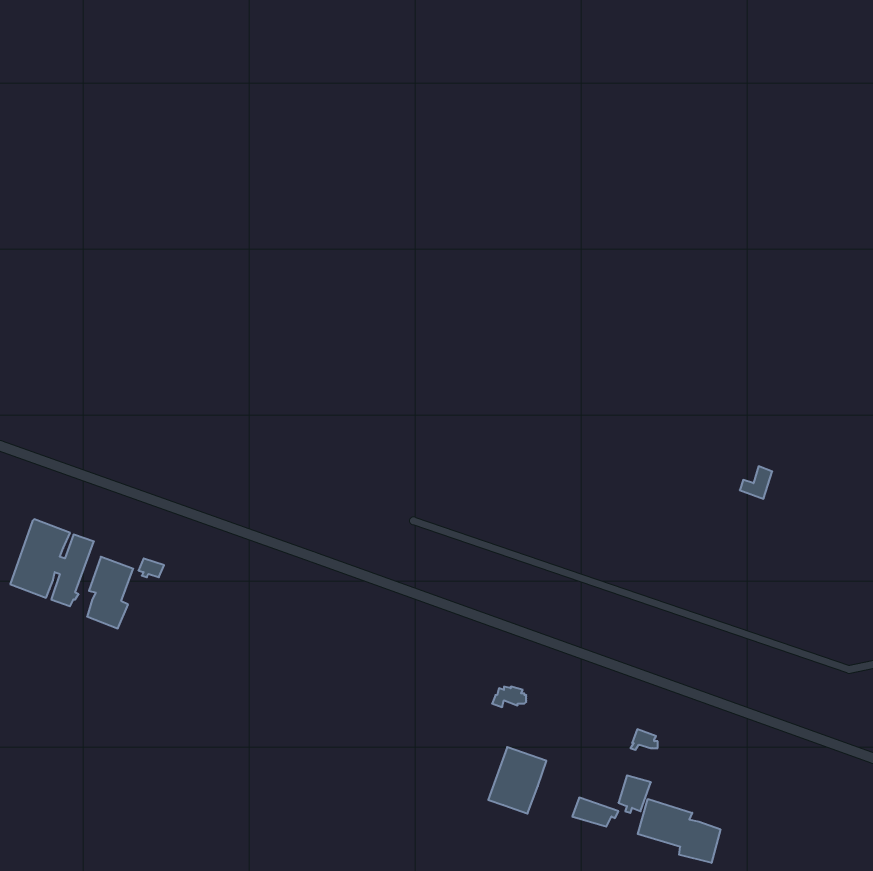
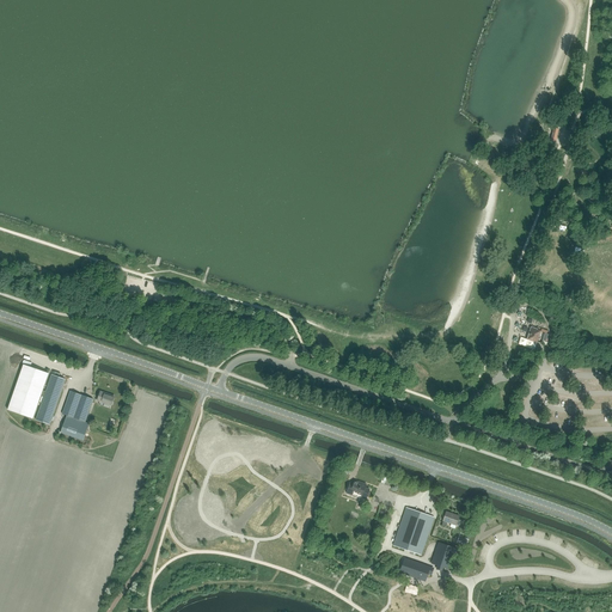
building: [488,747,546,814] -> [393,507,434,553]
building: [638,799,720,863] -> none

